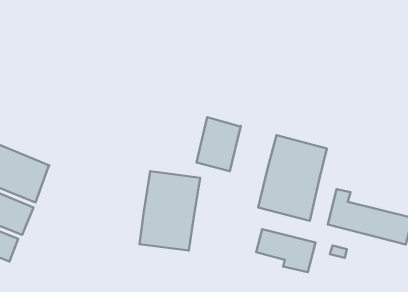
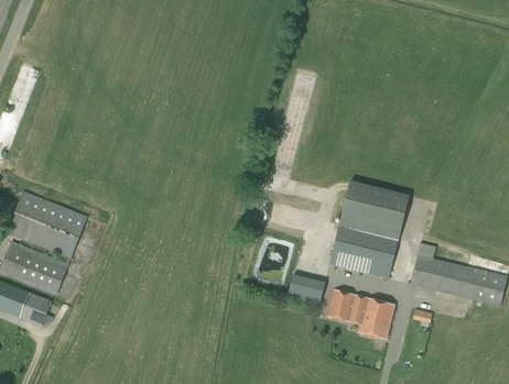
building: [197,117,241,171] -> none
building: [140,171,200,251] -> none
building: none -> [286,274,325,301]

